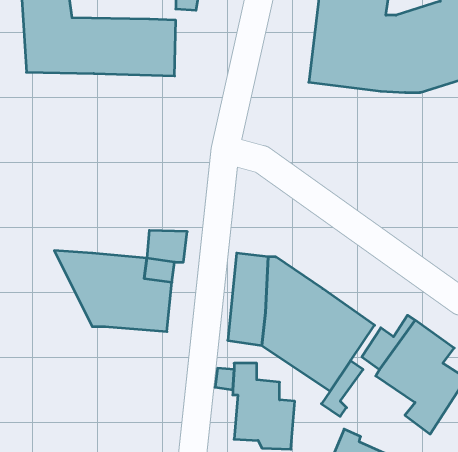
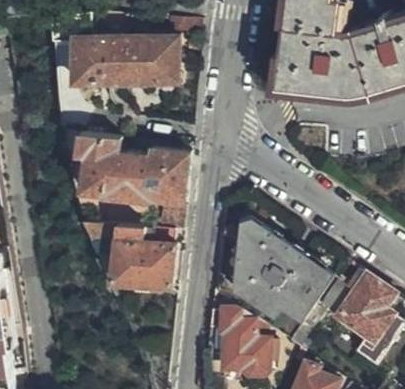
building: none -> [78,130,188,200]

